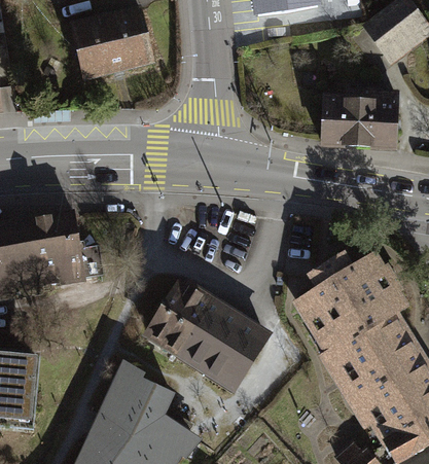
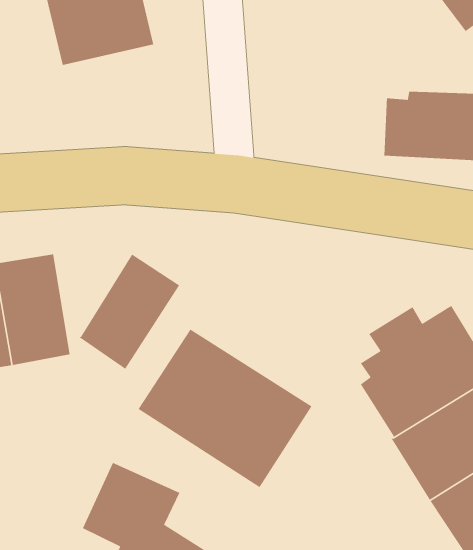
building: none -> [79,253,180,370]

